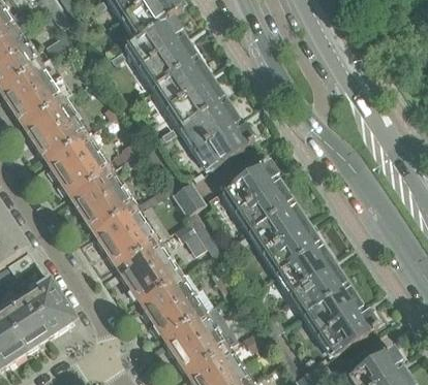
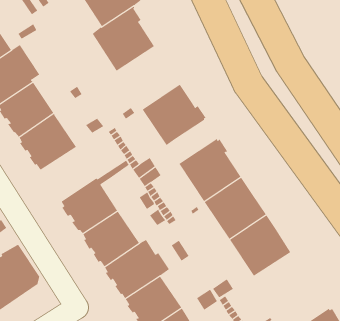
building: [155,61,225,130] -> none
building: [71,171,133,231] -> none
building: [306,287,377,356] -> none

